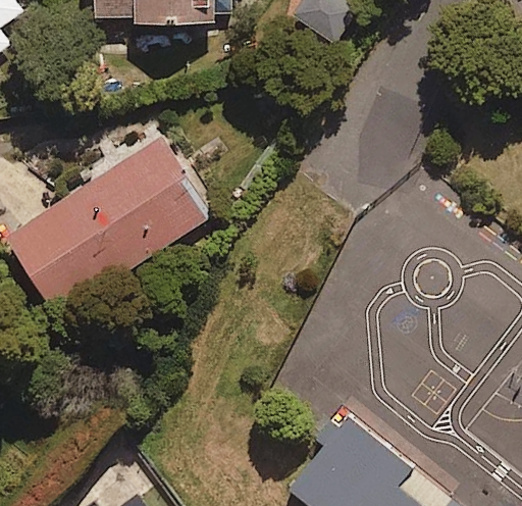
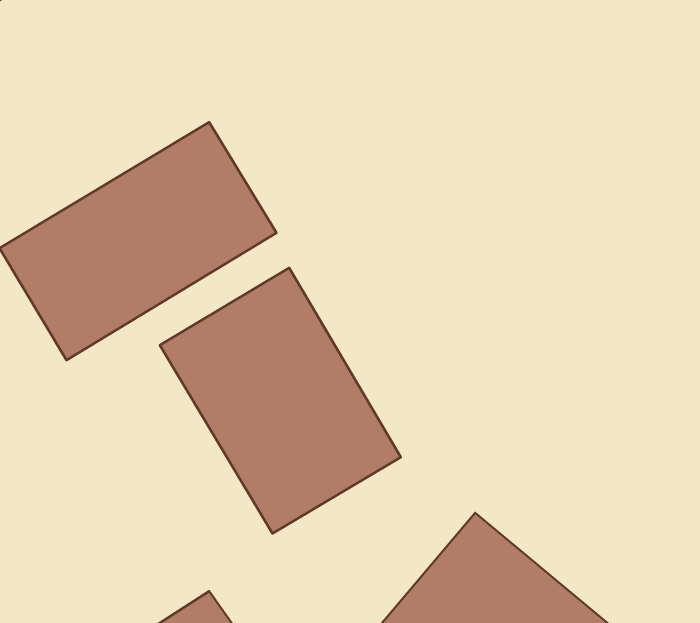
building: none -> [160,268,401,533]

